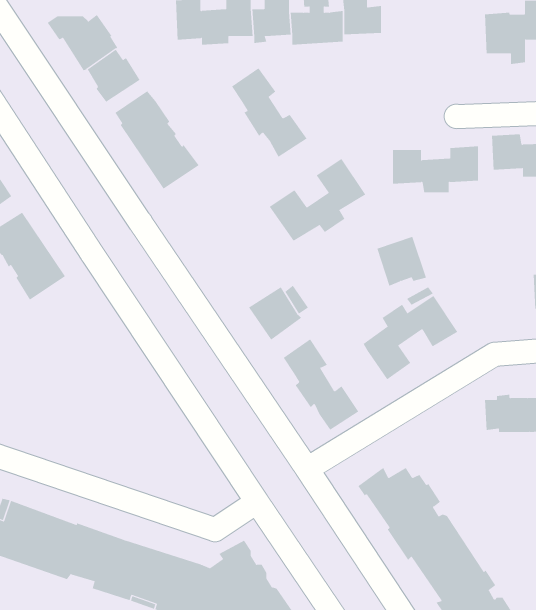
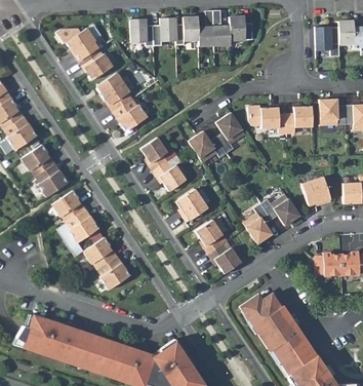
building: [231,67,308,158] -> [140,138,186,191]
building: [377,236,427,287] -> [302,176,332,205]
building: none -> [51,190,98,242]
building: none -> [83,237,129,290]

